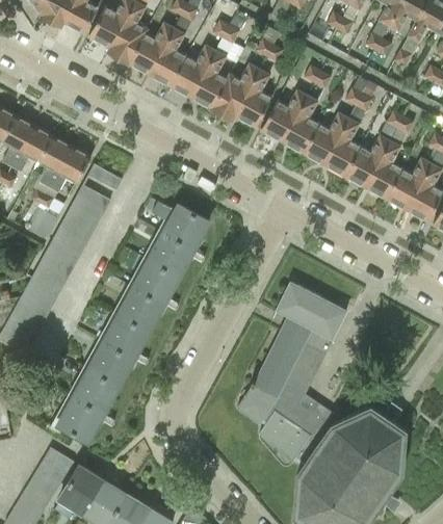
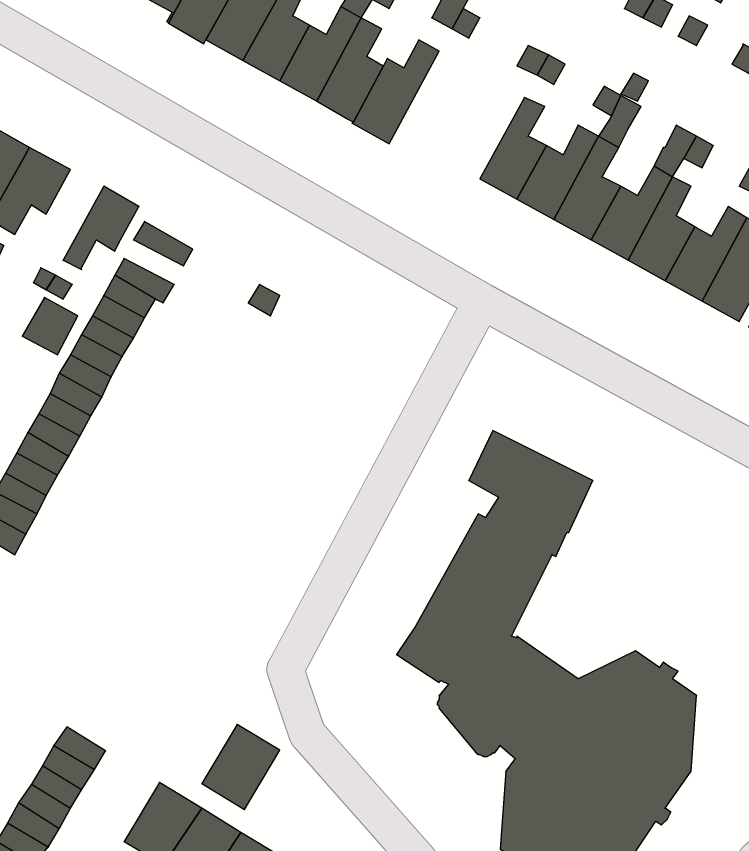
building: [232,69,272,127] -> none
building: [261,88,308,140] -> none
building: [40,135,72,186] -> none
building: [57,204,209,441] -> none
building: [59,465,103,513] -> [202,724,280,810]

